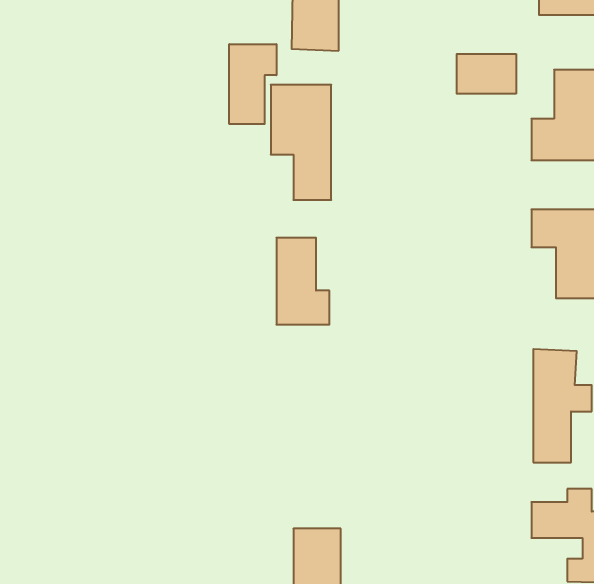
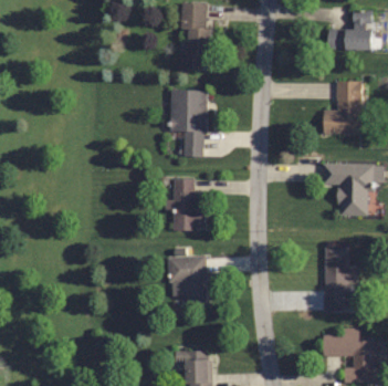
building: [229,44,276,124] -> none
building: [457,54,516,94] -> none
building: none -> [169,255,207,305]

